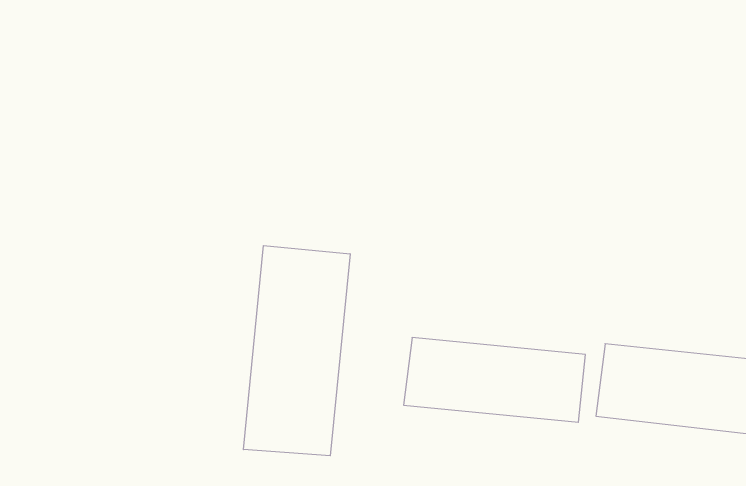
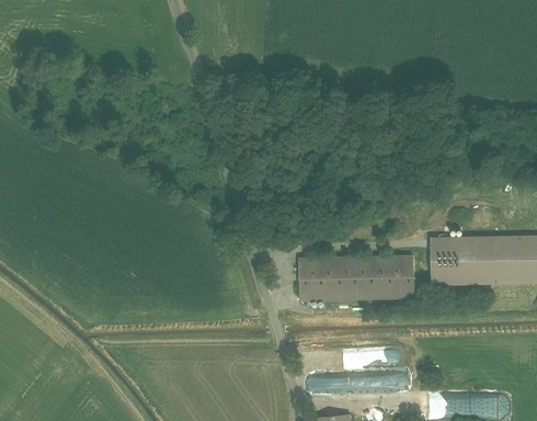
building: [243,246,350,456] -> none

